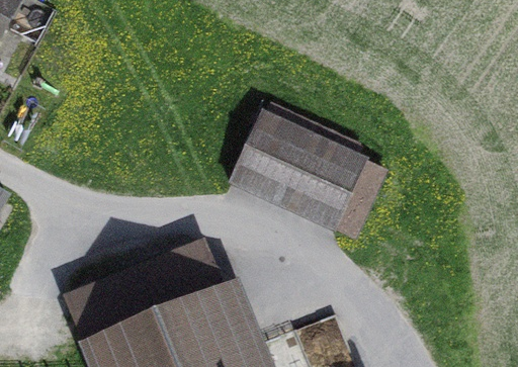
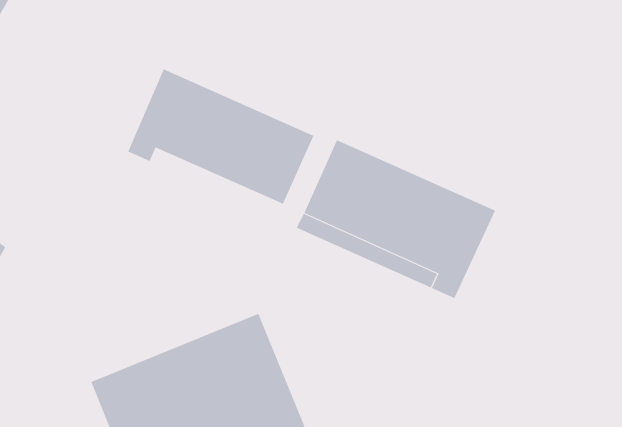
building: none -> [128,68,314,205]

